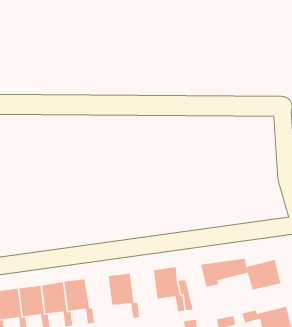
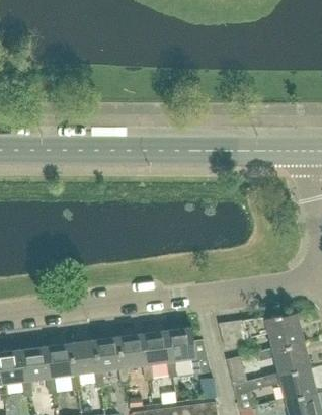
building: none -> [142,330,176,379]
building: none -> [93,336,128,385]
building: none -> [255,344,310,377]

